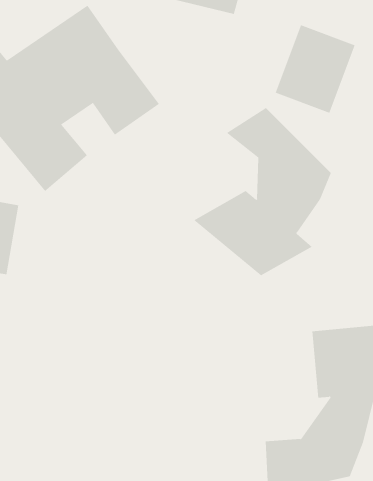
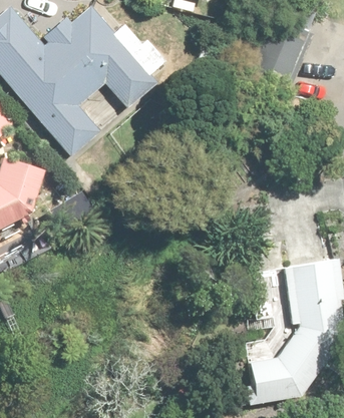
building: [193,107,332,276] -> none

